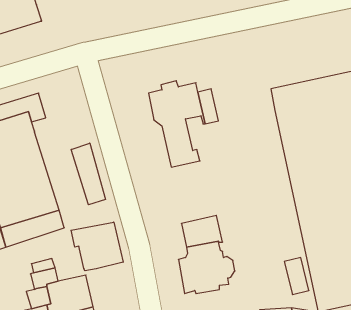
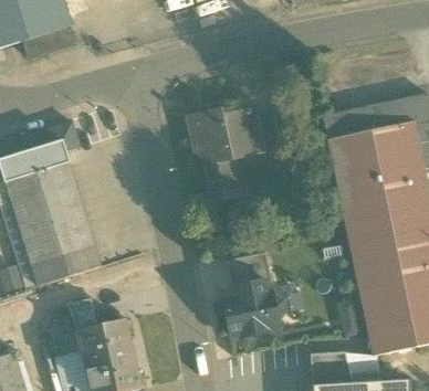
building: [71,143,105,205] -> none
building: [71,222,123,271] -> none

